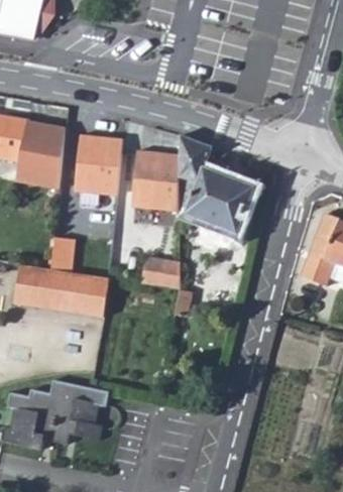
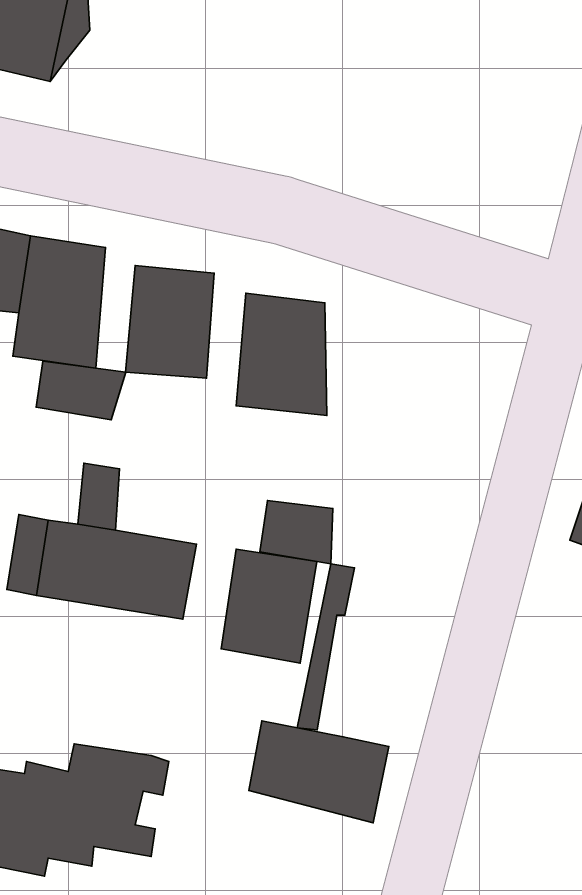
building: [177,132,252,234] -> none
building: none -> [36,361,126,420]
building: none -> [221,549,317,663]
building: none -> [249,721,389,823]

